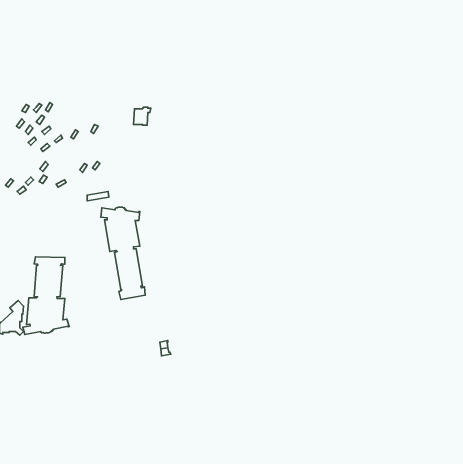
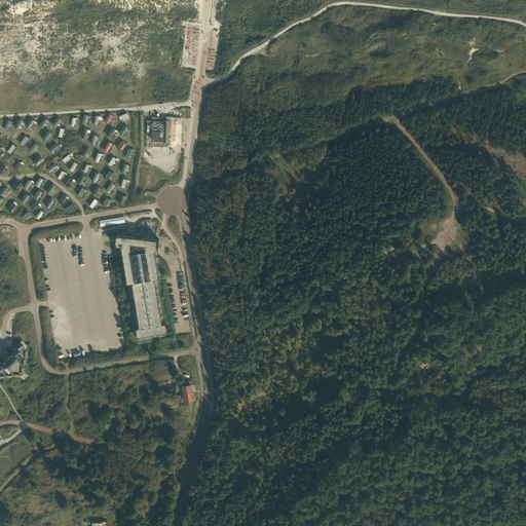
building: [23,257,69,335] -> none

